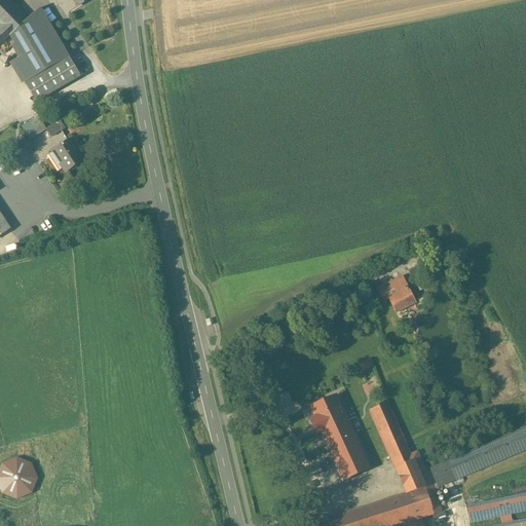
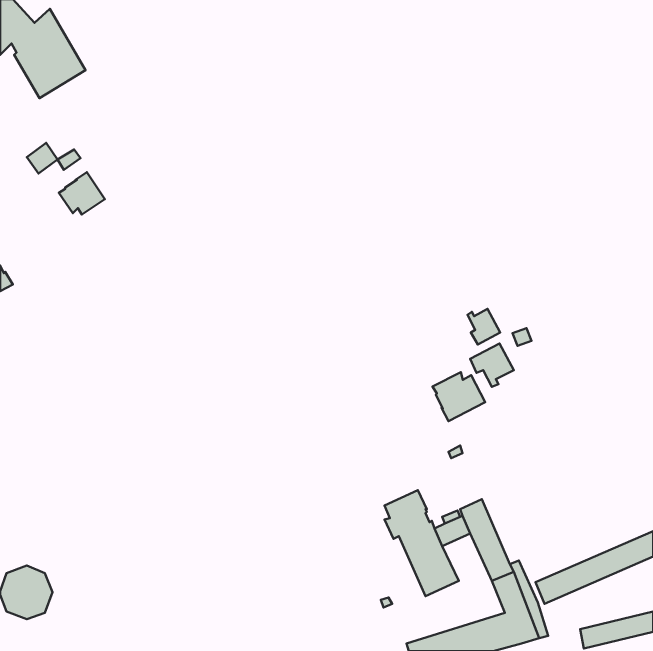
building: [25,57,80,102] -> none
building: none -> [468,309,500,344]
building: none -> [432,372,485,421]

